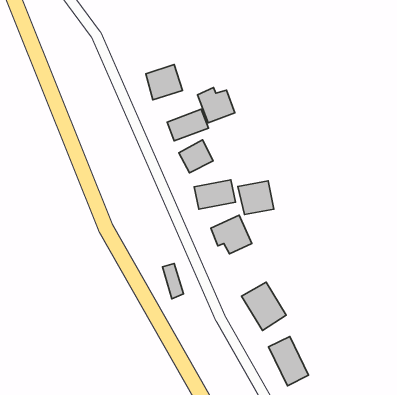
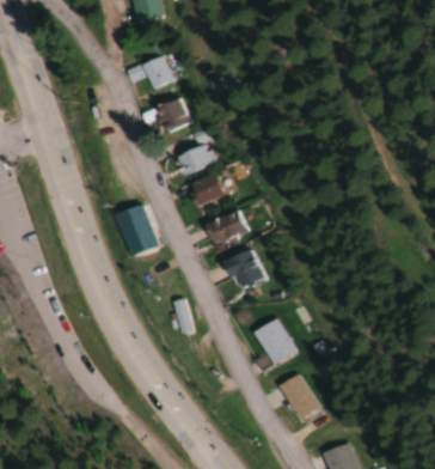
building: none -> [143,54,176,89]
building: [197,88,235,123] -> none
building: none -> [115,202,159,256]
building: [238,181,274,214] -> none

